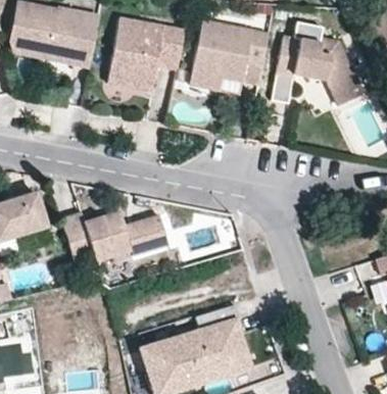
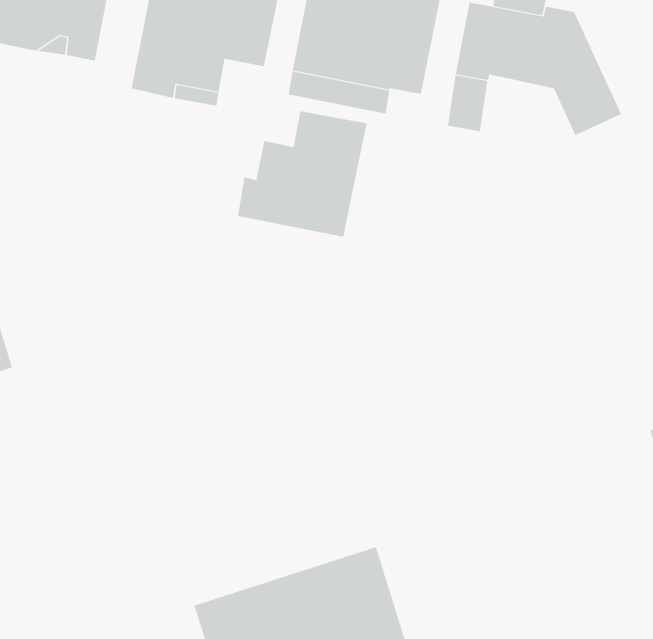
building: none -> [237,110,367,238]
building: [61,210,168,266] -> none

